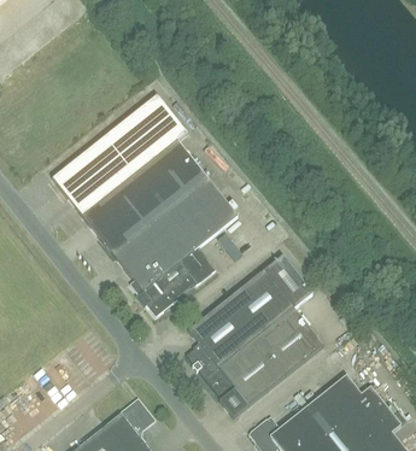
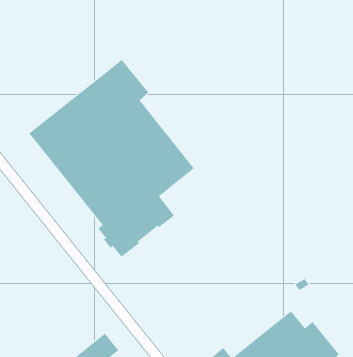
building: [187,254,324,417] -> none

